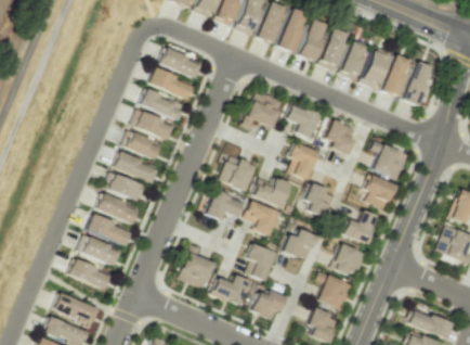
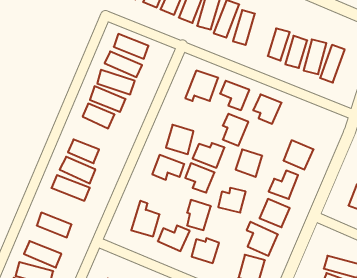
building: [319,29,351,72] -> none
building: [373,141,409,181] -> none
building: [114,154,158,182] -> none
building: [78,235,121,267] -> none

